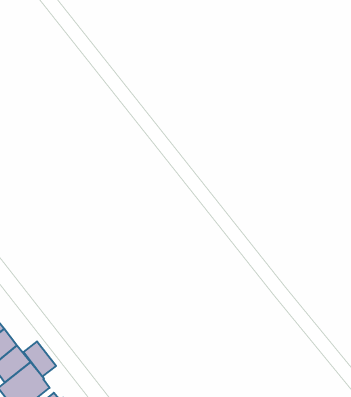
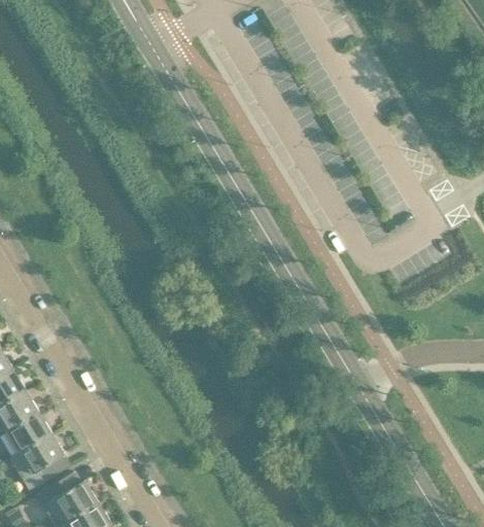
building: [24,341,56,376] -> none

